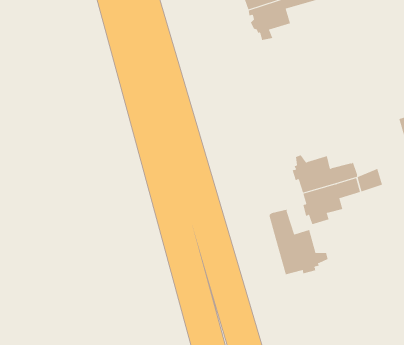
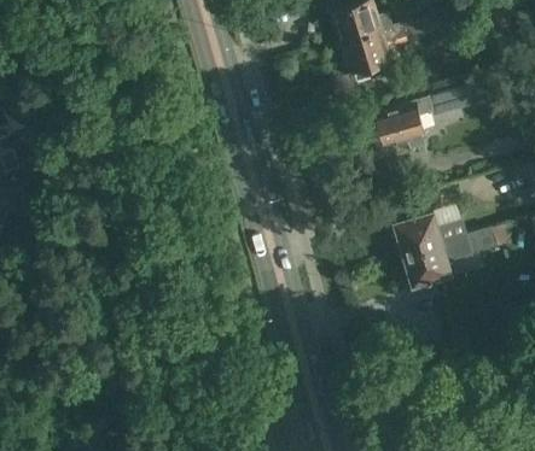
building: none -> [374,93,459,152]
building: [269,209,328,275] -> none

